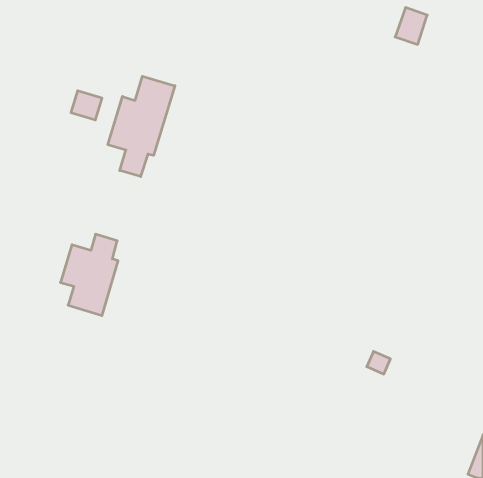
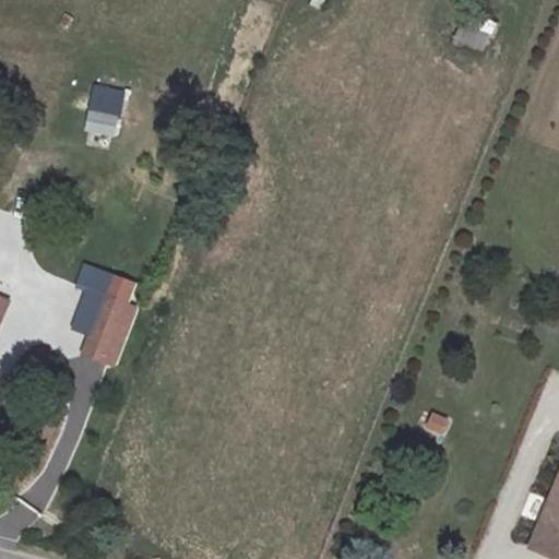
building: [108,76,175,177] -> none

